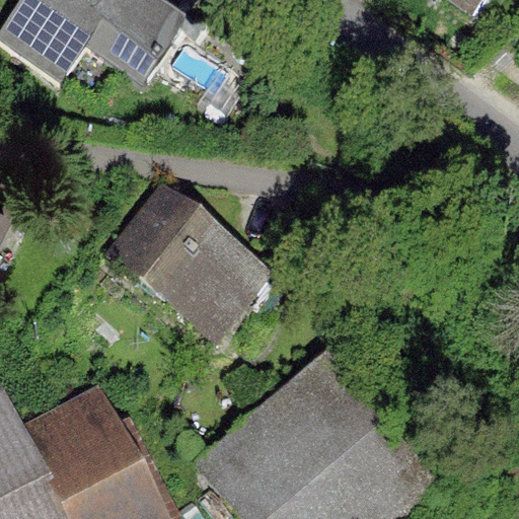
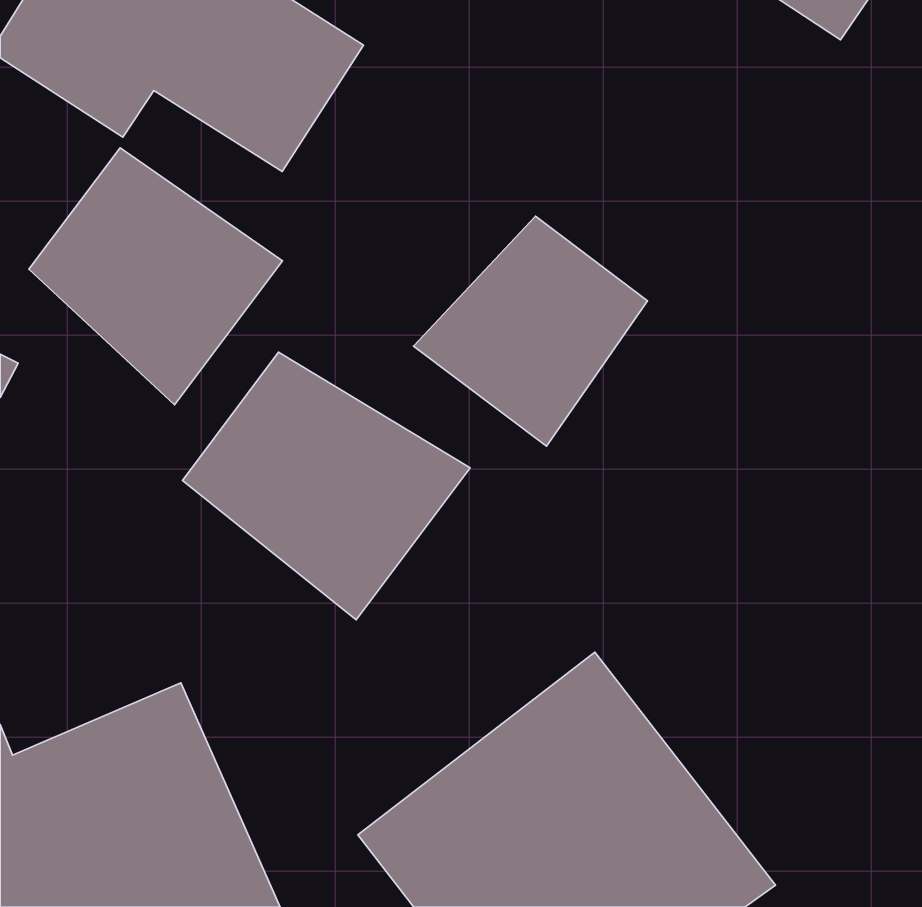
building: none -> [29,148,282,405]
building: none -> [413,216,648,446]

